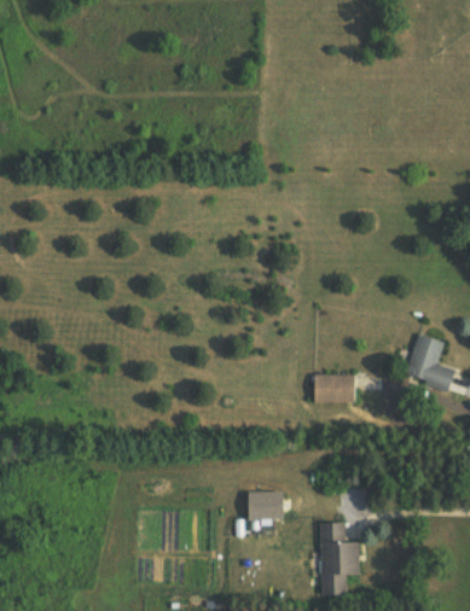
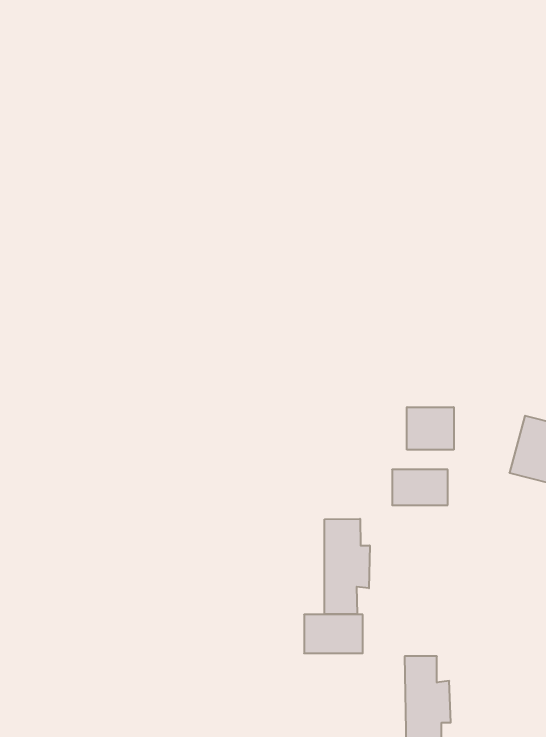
building: none -> [407,407,454,450]
building: none -> [325,519,370,614]

